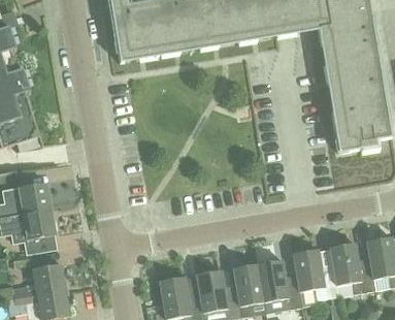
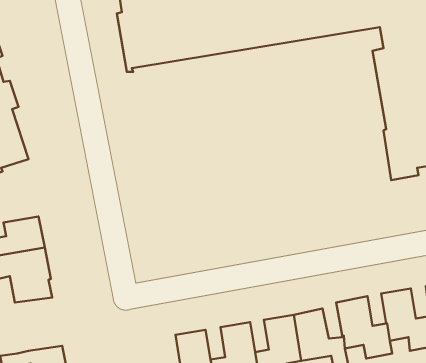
building: [33,263,65,293] -> none

